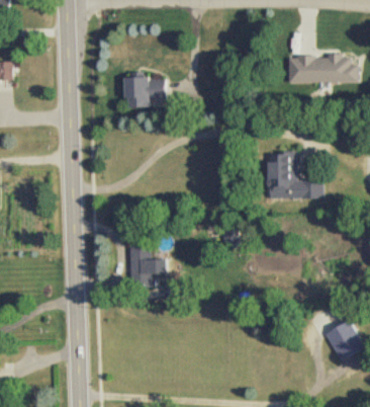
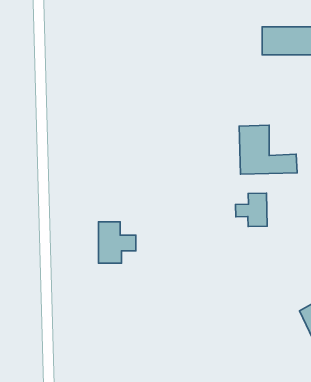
building: [124,77,167,106] -> none
building: none -> [235,193,267,226]

